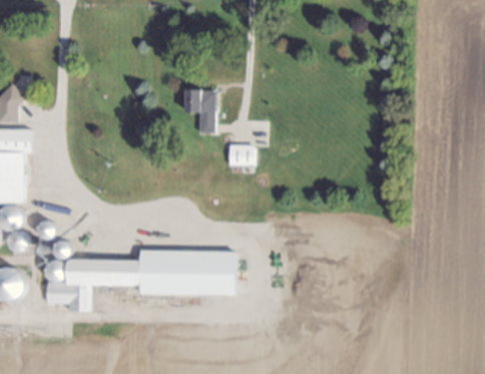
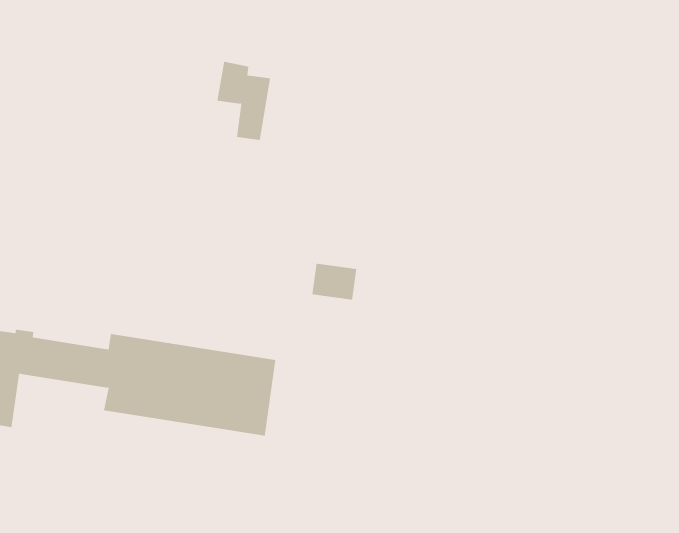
building: [227,144,252,162] -> [311,263,357,300]

